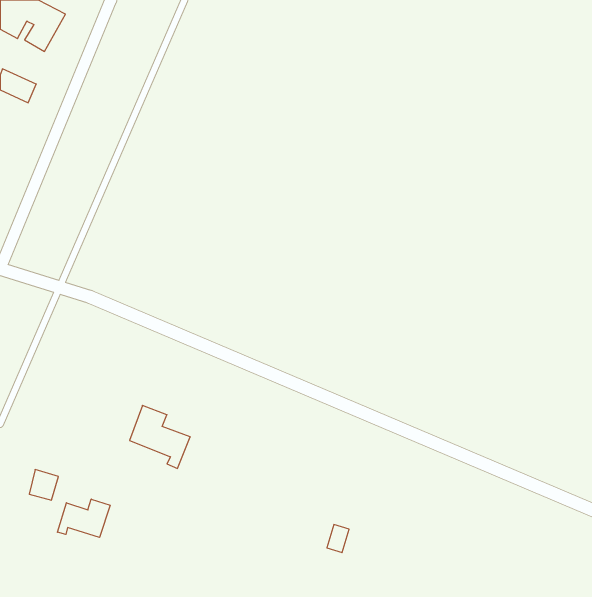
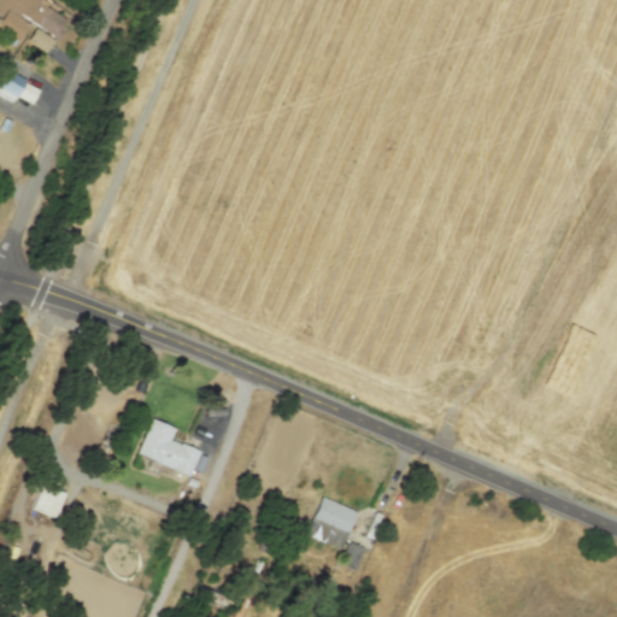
building: none -> [307,496,358,548]
building: [57,499,110,537] -> none

